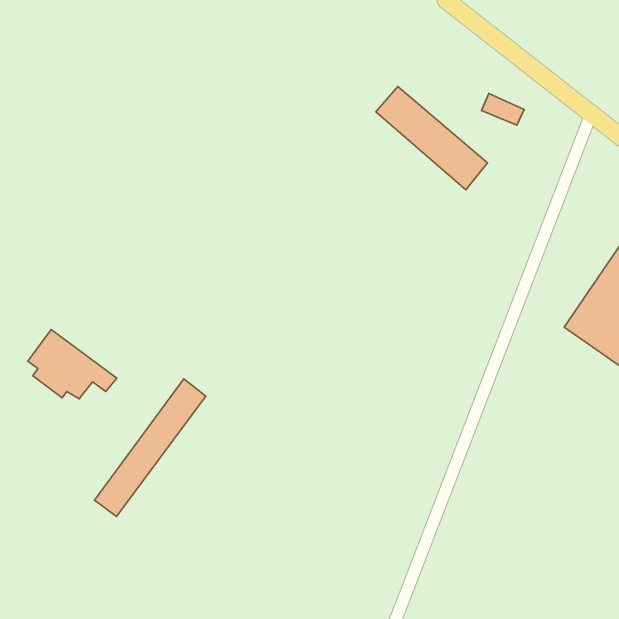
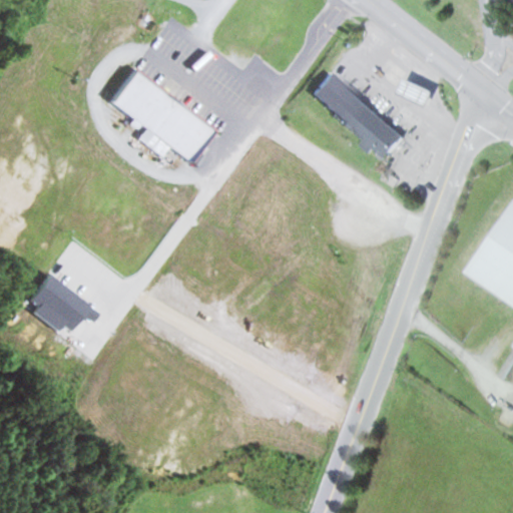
building: none -> [106,69,211,162]
building: [94,379,206,517] -> none

